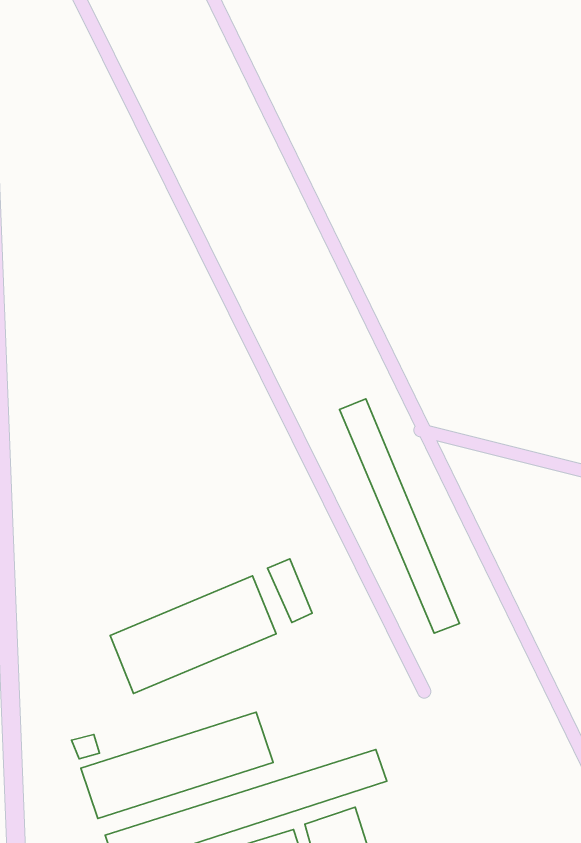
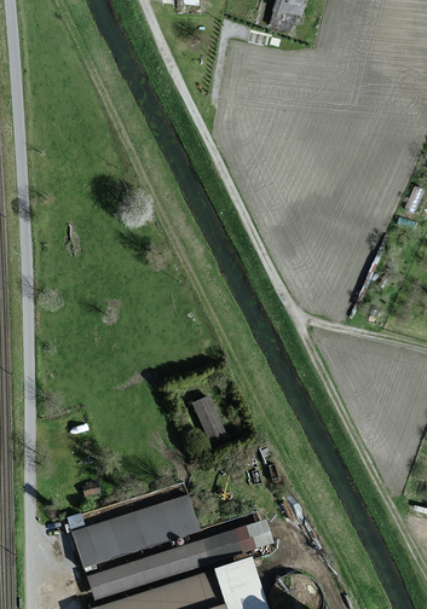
building: [339,399,460,633] -> none
building: [110,576,276,693] -> none

